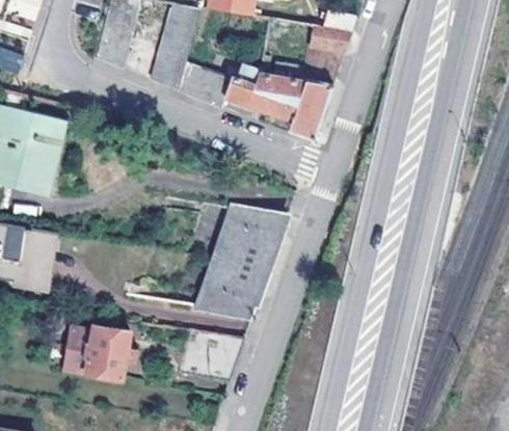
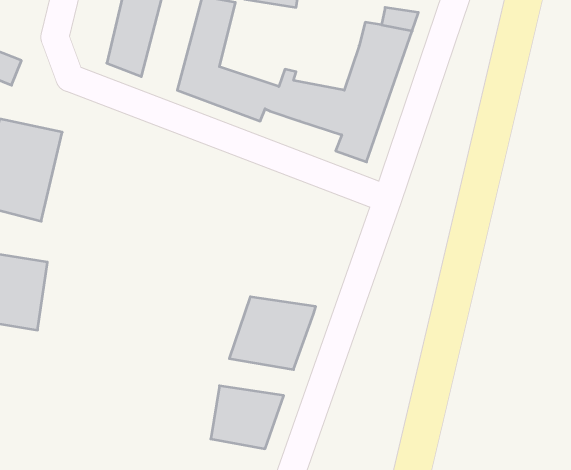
building: [214,207,286,263] -> none
building: [62,325,128,378] -> none

